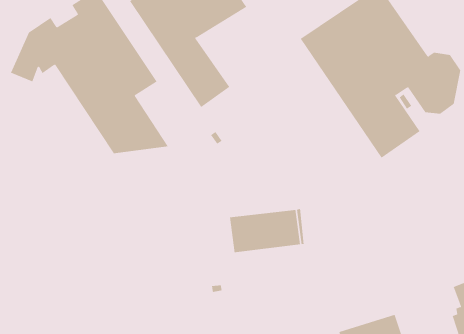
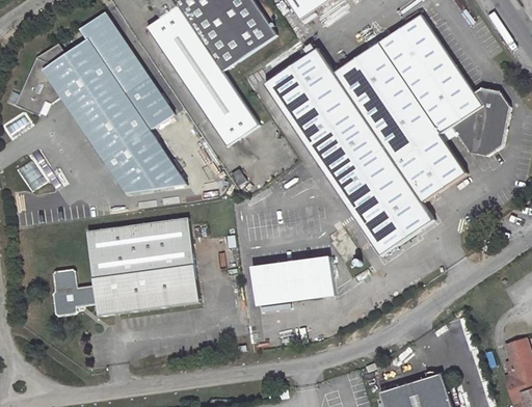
building: none -> [265,50,435,256]
building: none -> [52,218,200,318]

